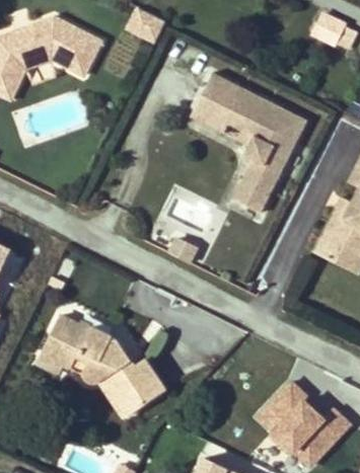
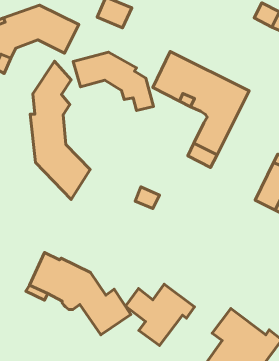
building: none -> [73,52,154,110]
building: none -> [30,61,90,200]
building: none -> [125,284,194,346]

